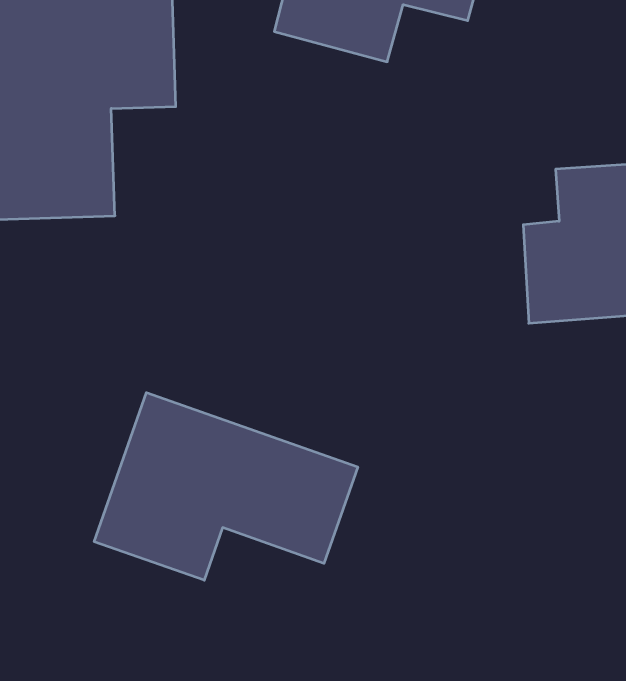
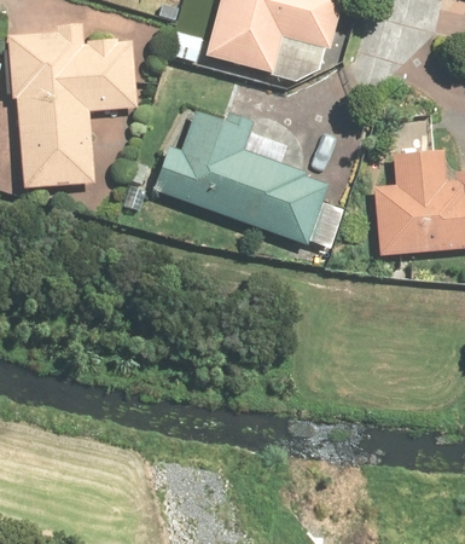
building: none -> [147,94,333,244]
building: [94,393,358,580] -> none

